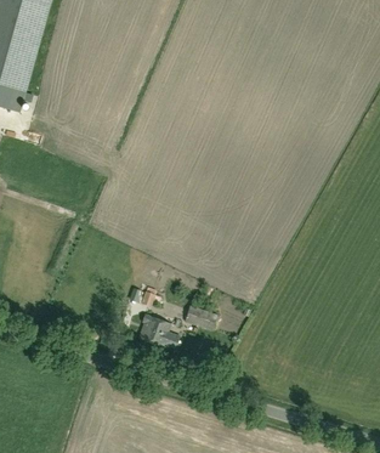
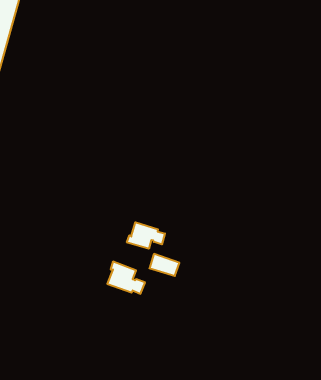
building: none -> [127,222,165,249]

